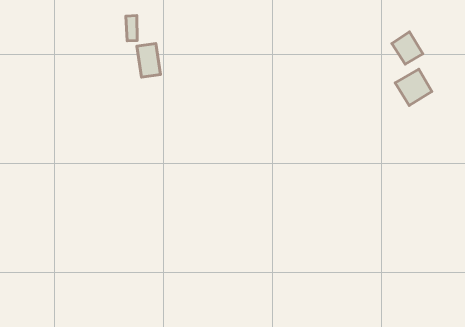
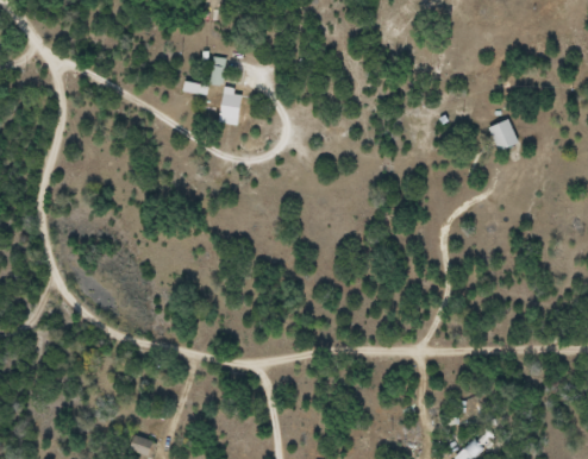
building: [395,69,432,106] -> none

